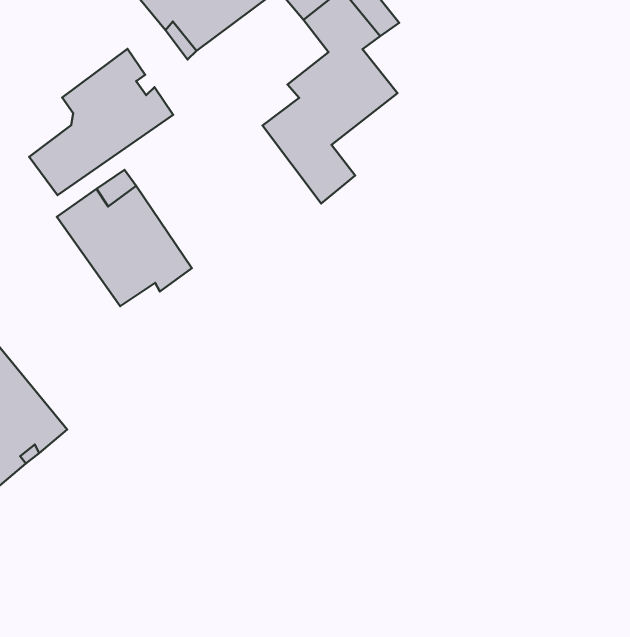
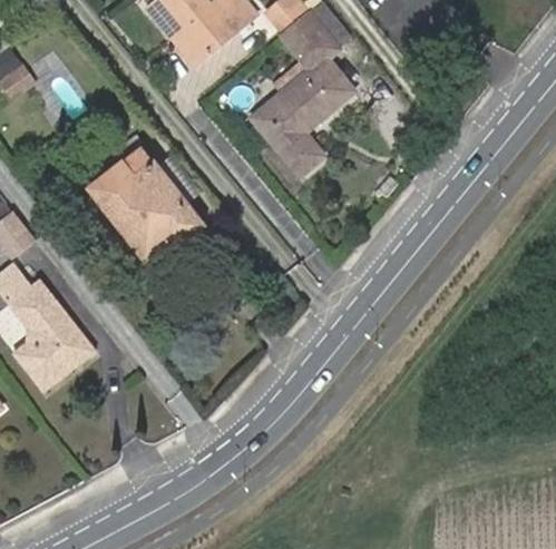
building: [29,49,173,195] -> none

